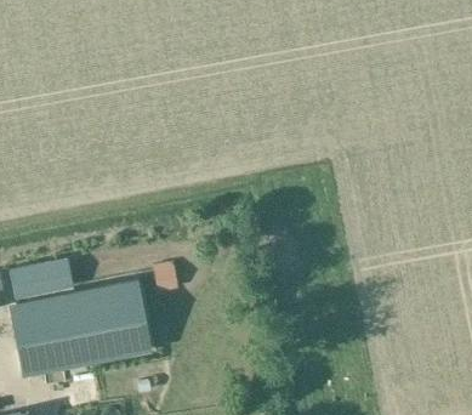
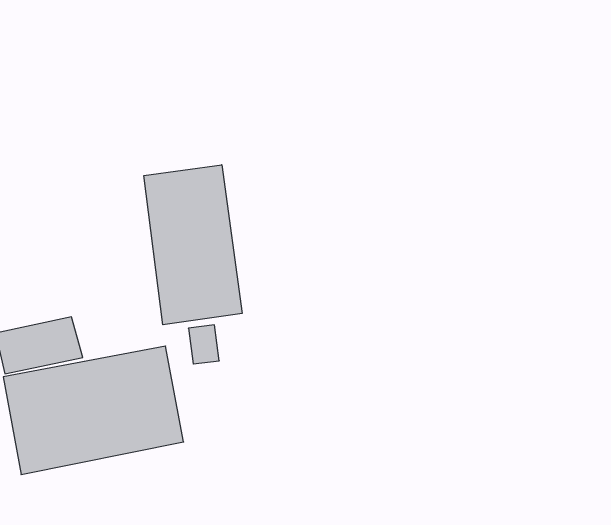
building: none -> [144,165,242,325]

